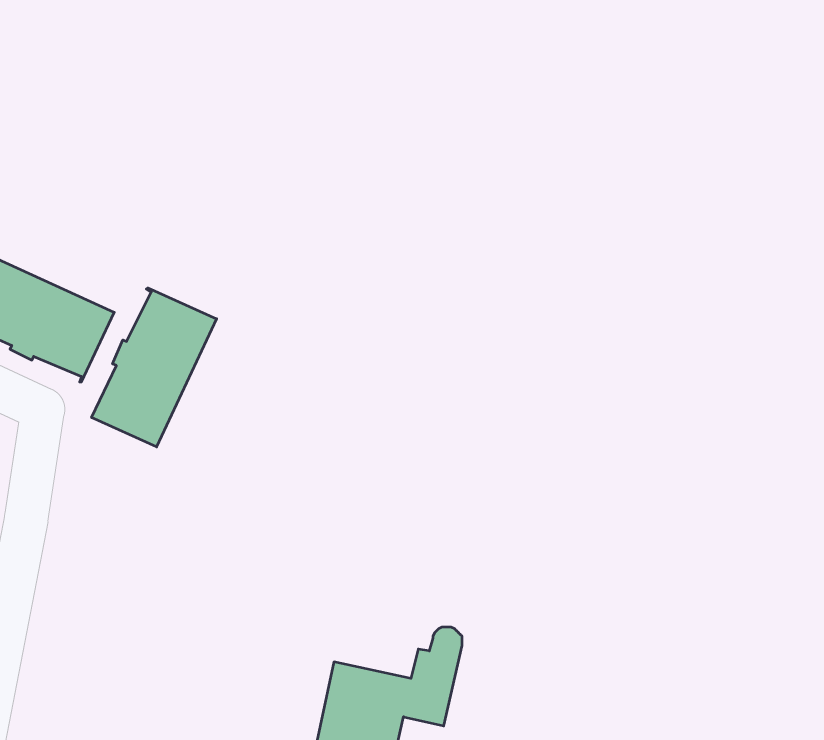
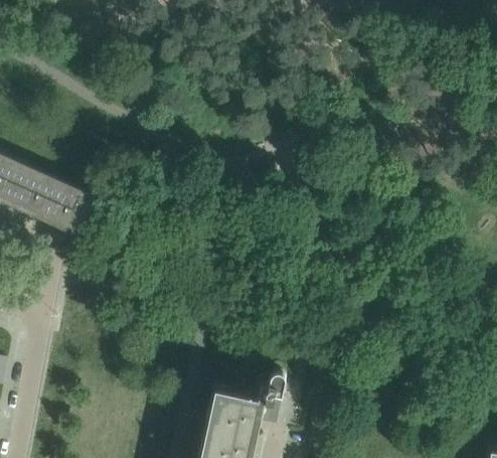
building: [92,288,217,447] -> none

